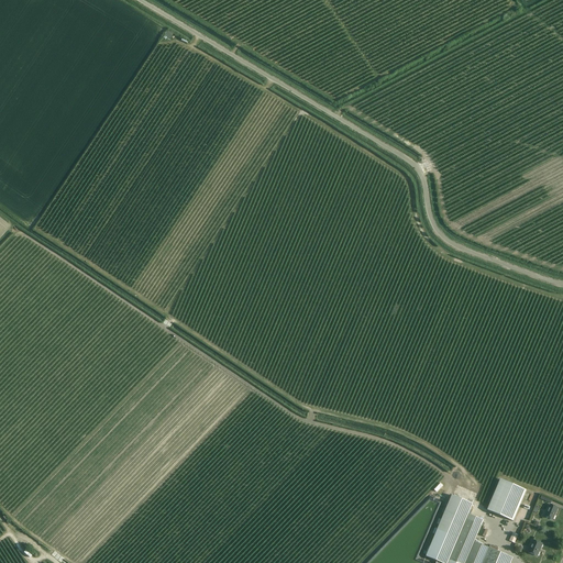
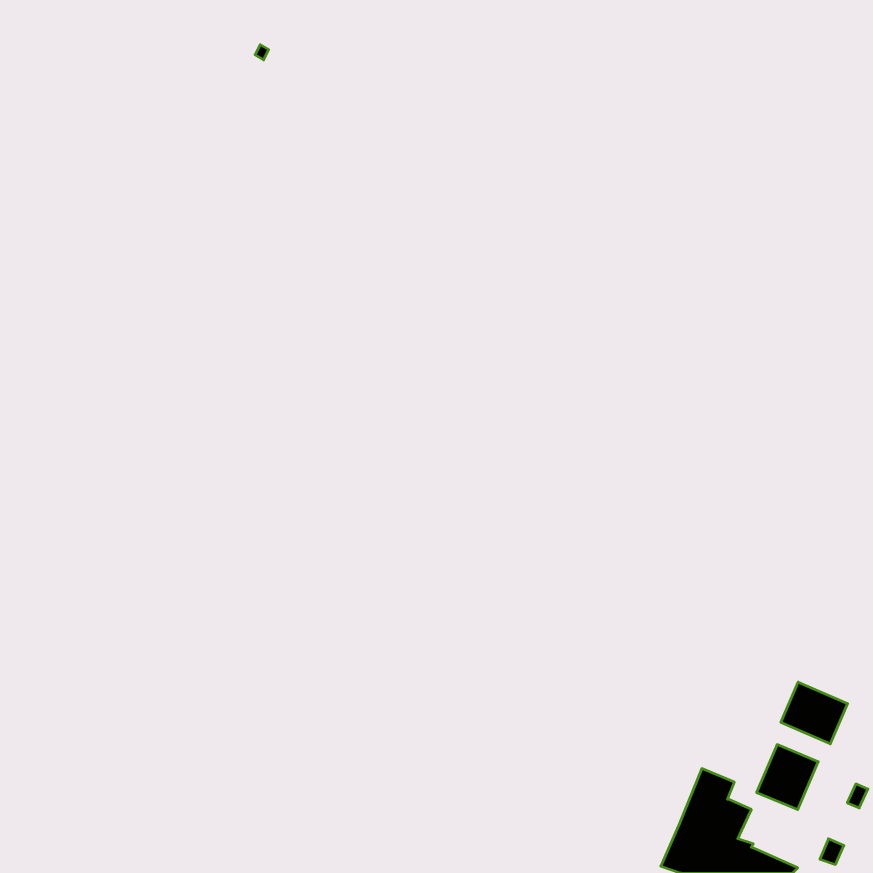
building: none -> [781,682,848,744]

